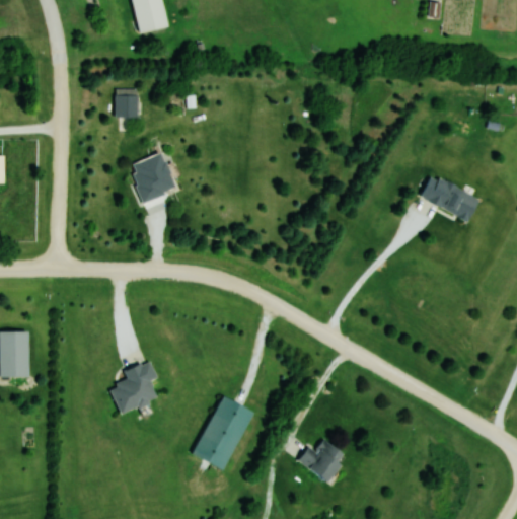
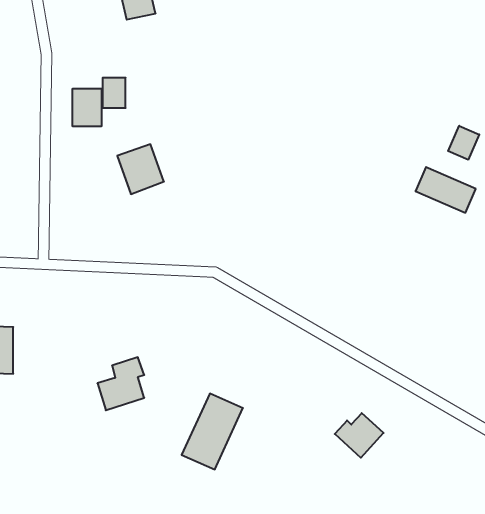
building: none -> [73,89,101,126]
building: none -> [448,126,479,160]
building: [298,439,346,483] -> [335,413,384,458]

